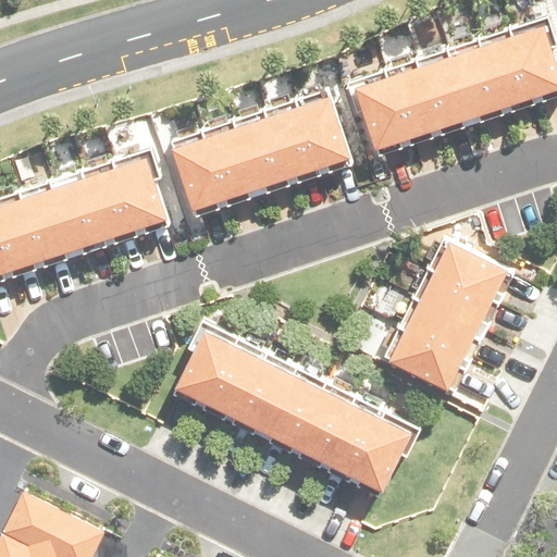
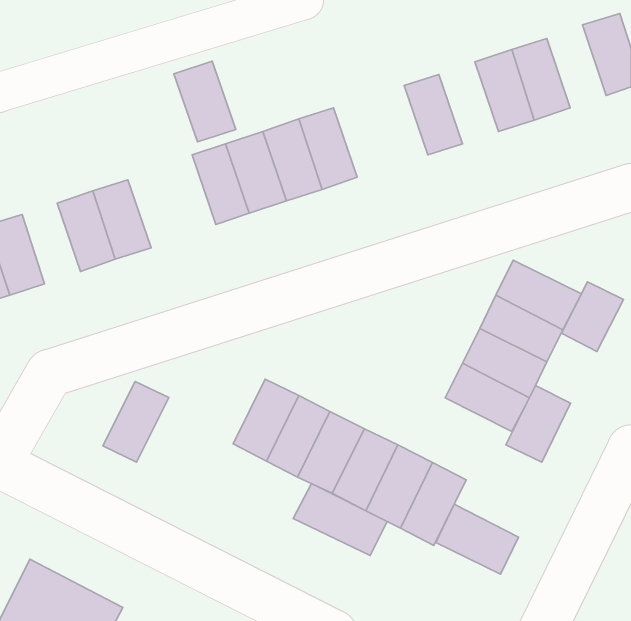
building: [480,33,532,106] -> none
building: [385,65,437,137] -> none
building: [293,95,346,166] -> none
building: [112,158,166,228] -> [174,61,236,142]
building: [20,189,71,260] -> none
building: none -> [562,282,624,352]
building: [175,330,233,400] -> [103,382,169,462]
building: none -> [506,385,571,462]
building: none -> [293,484,387,555]
building: none -> [436,504,519,574]

